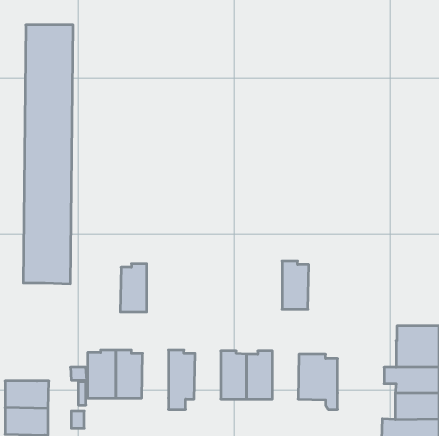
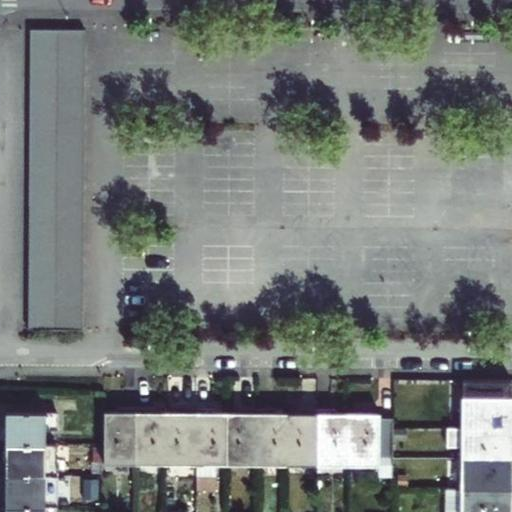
building: [282,261,309,309] -> [317,412,348,468]
building: [120,264,147,312] -> [165,411,196,467]
building: none -> [226,411,257,468]
building: none -> [6,415,56,447]

